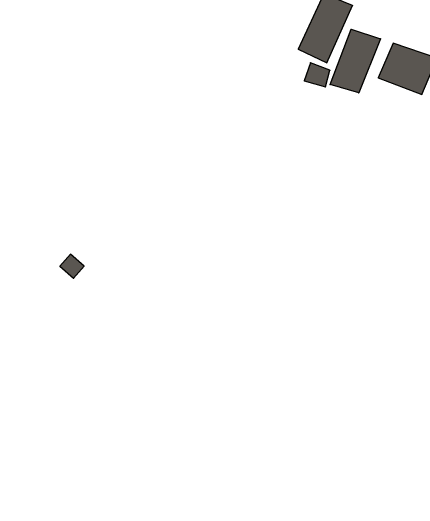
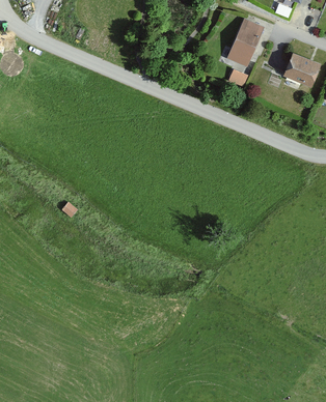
building: [330,29,381,93] -> none

